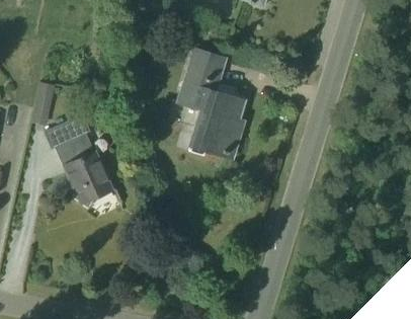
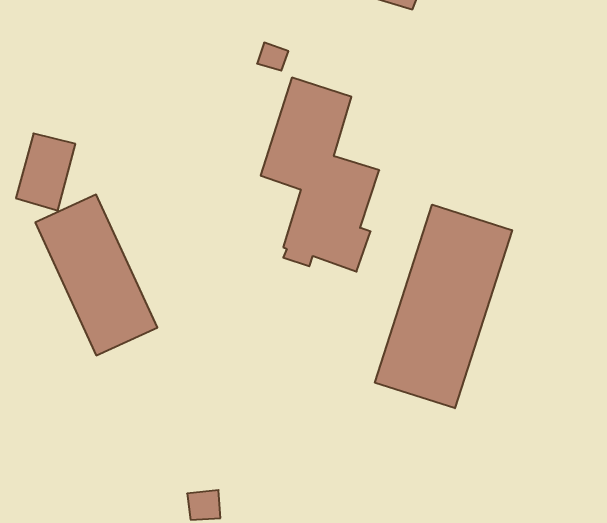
building: none -> [375,205,512,408]

